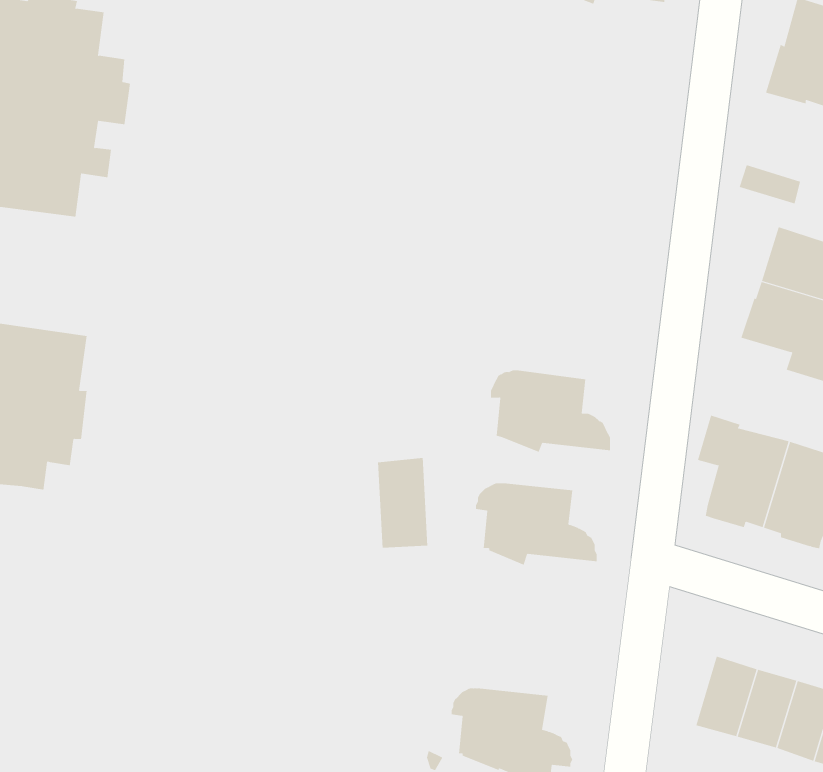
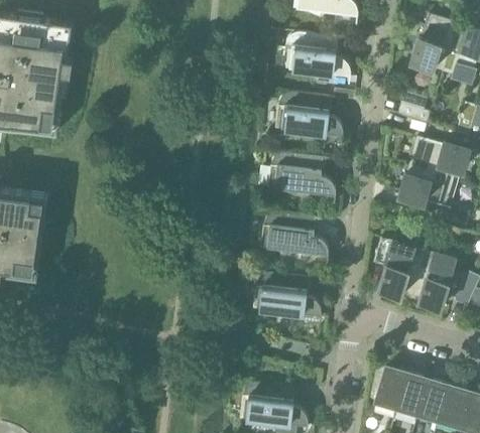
building: none -> [286,35,351,79]
building: none -> [278,95,344,139]
building: none -> [271,155,336,198]
building: [377,457,428,549] -> none

